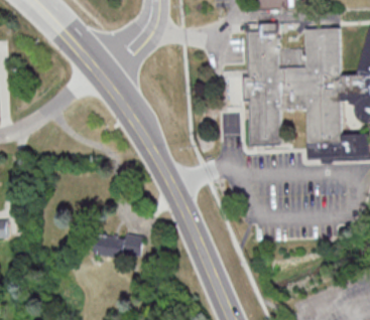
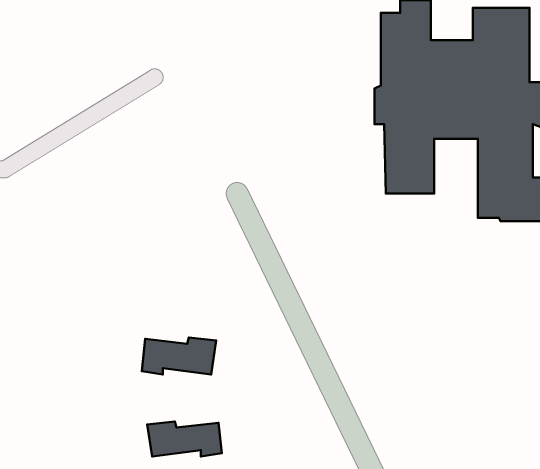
building: none -> [147,421,222,456]

